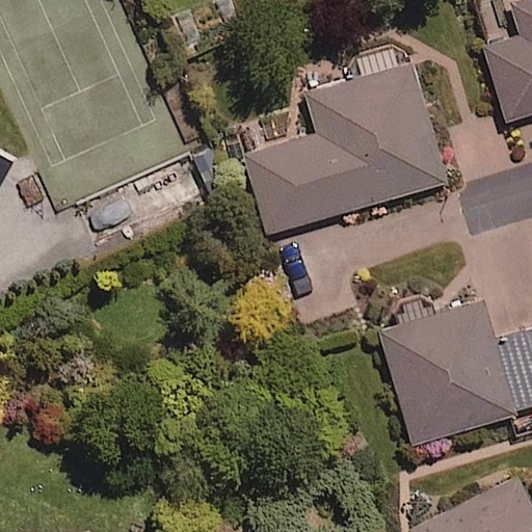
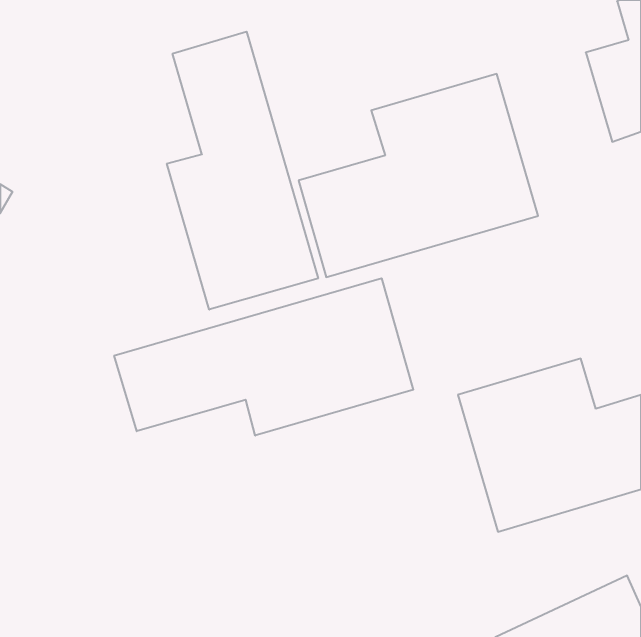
building: none -> [167,32,318,310]
building: none -> [114,278,413,436]

